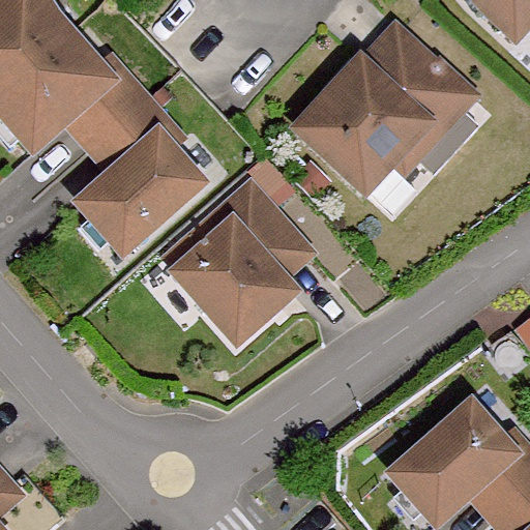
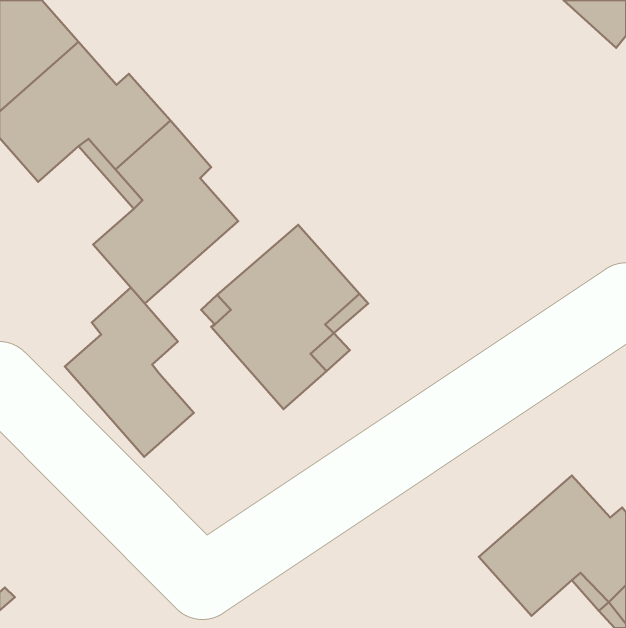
building: [299,26,476,196] -> none
building: none -> [65,288,194,457]

